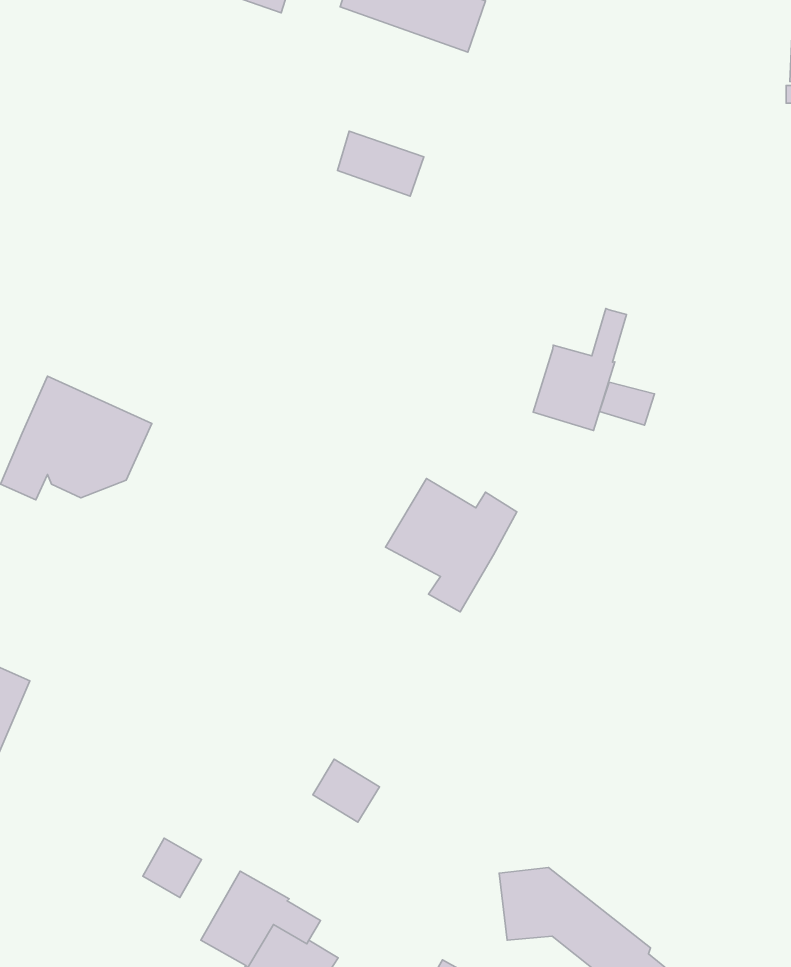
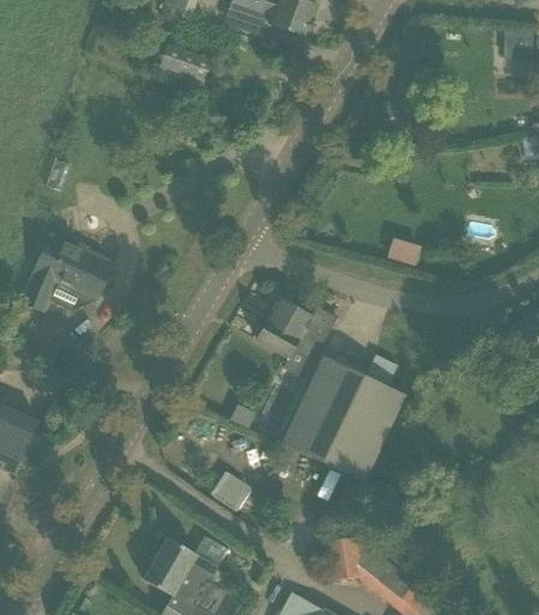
building: [337,131,424,196] -> [160,42,212,82]
building: [533,308,627,431] -> none
building: none -> [281,353,405,482]
building: [143,838,201,897] -> none

